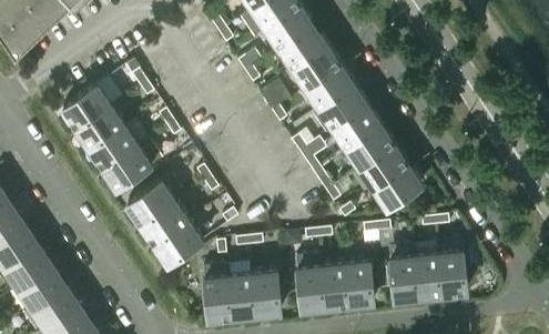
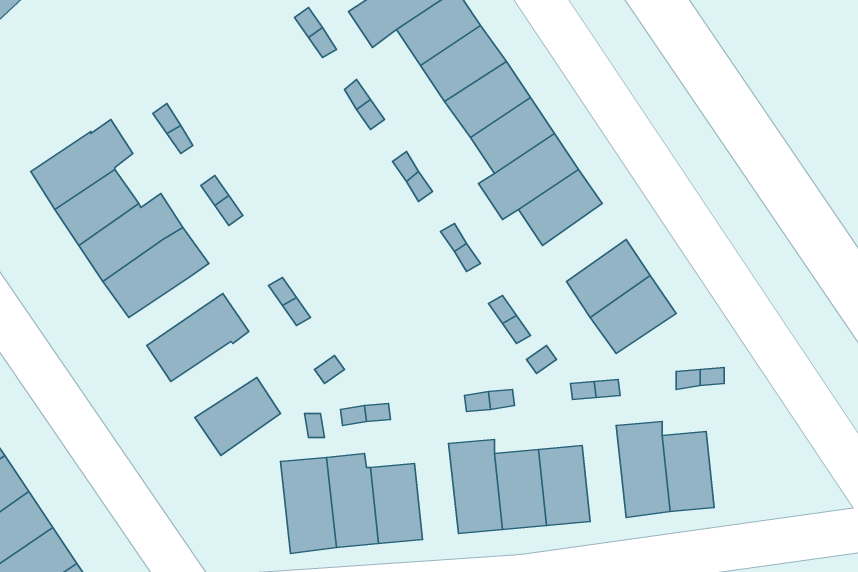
building: [349,124,396,168] -> none
building: [143,201,191,243] -> none
building: [439,240,474,293] -> none

